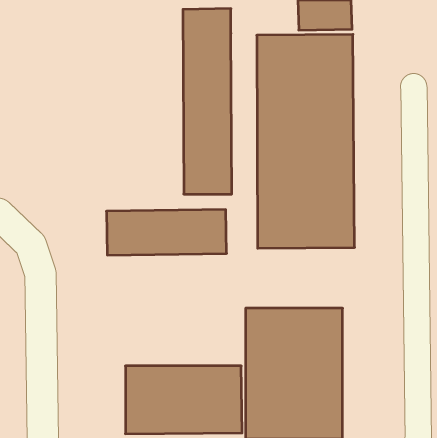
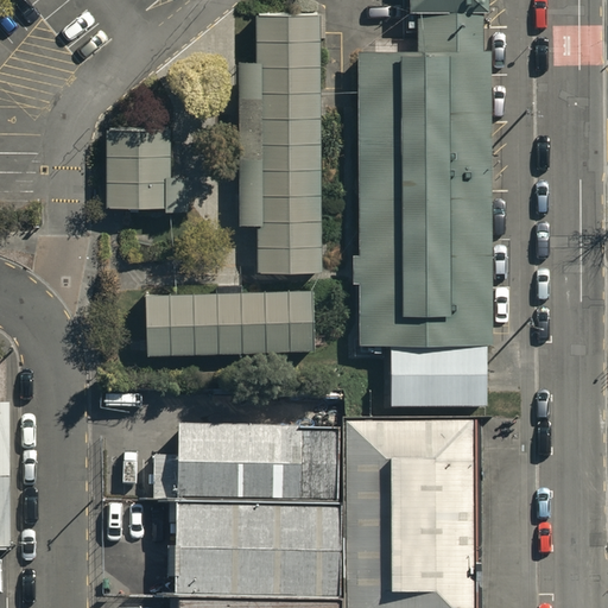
building: none -> [106,128,188,211]
building: none -> [390,350,486,406]
building: none -> [173,428,334,506]

